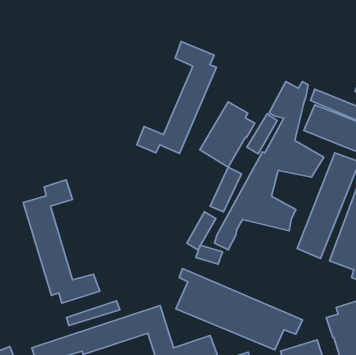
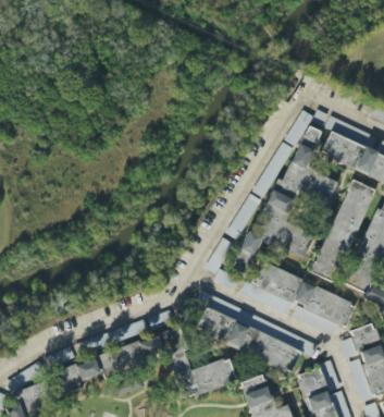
building: [137,42,217,154] -> none
building: [200,102,255,167] -> none
building: [23,180,100,303] -> none
building: none -> [240,263,357,336]

